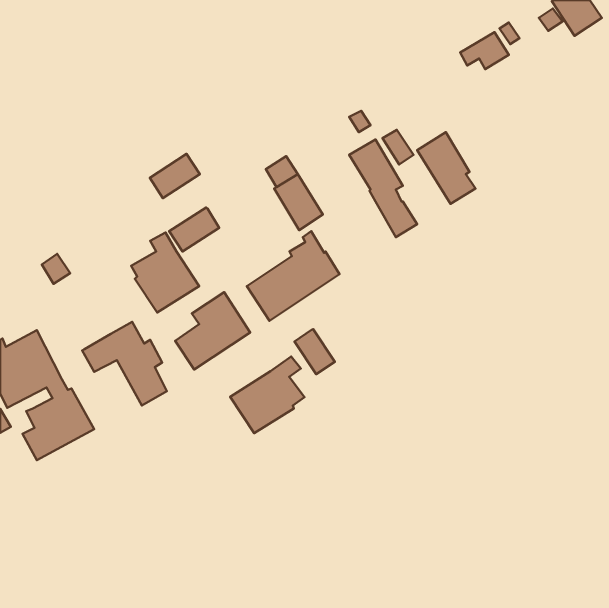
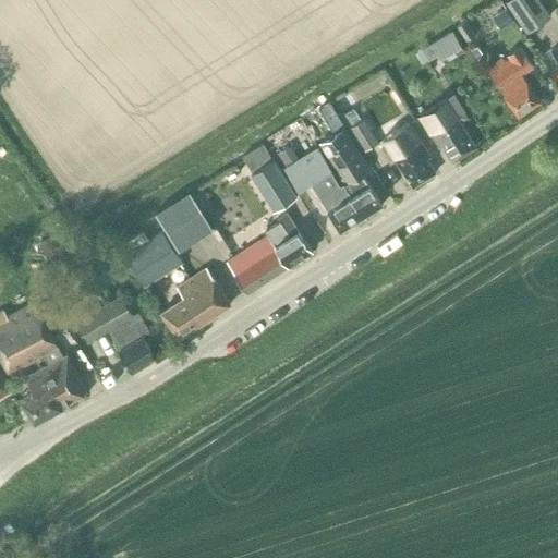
building: none -> [486,46,539,117]
building: none -> [418,99,474,162]
building: [150,154,200,198] -> [167,209,213,250]
building: none -> [284,149,362,231]
building: [295,329,335,374] -> none
building: [230,356,304,433] -> none

